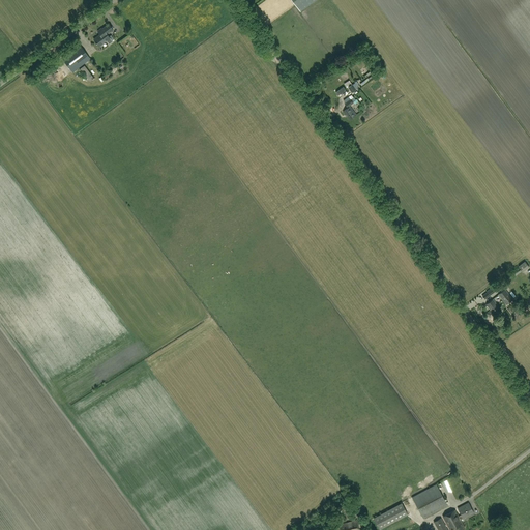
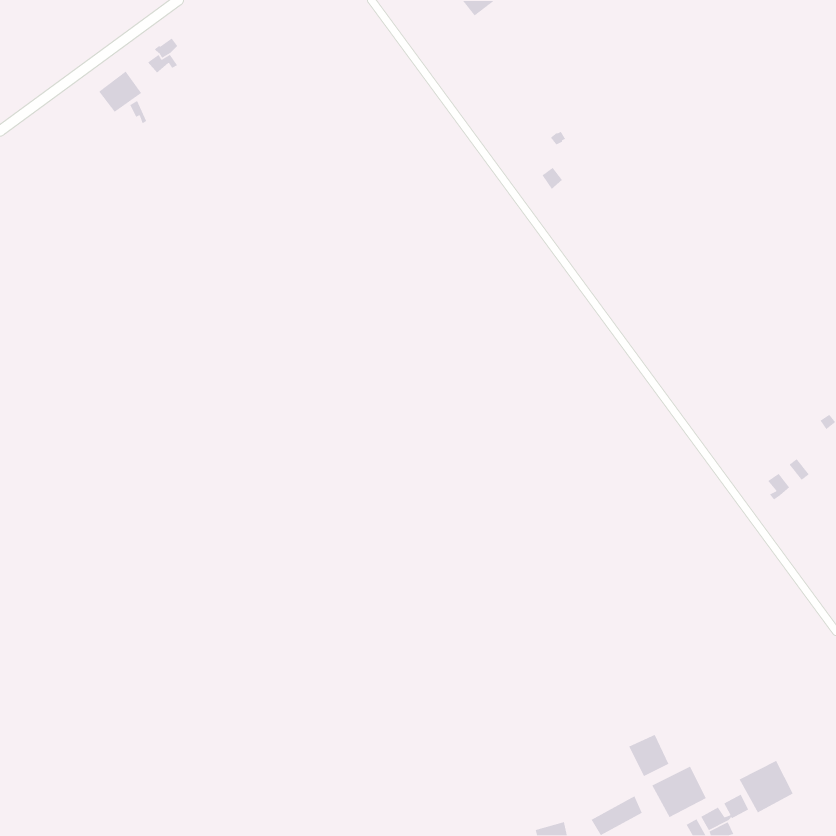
building: none -> [628,734,670,777]
building: none -> [739,760,794,814]

